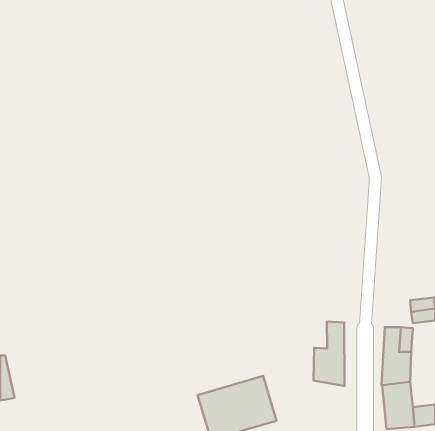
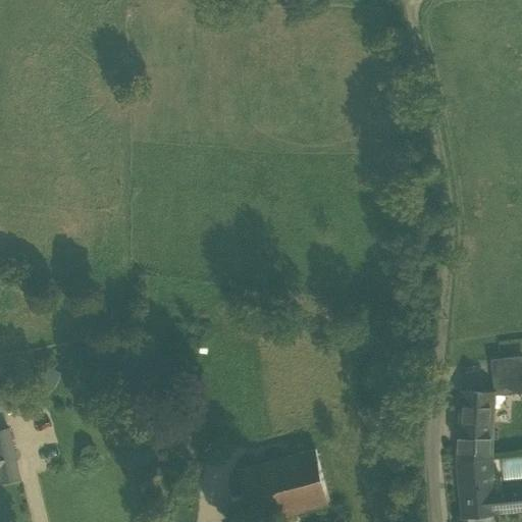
building: [313,322,344,386] -> none

